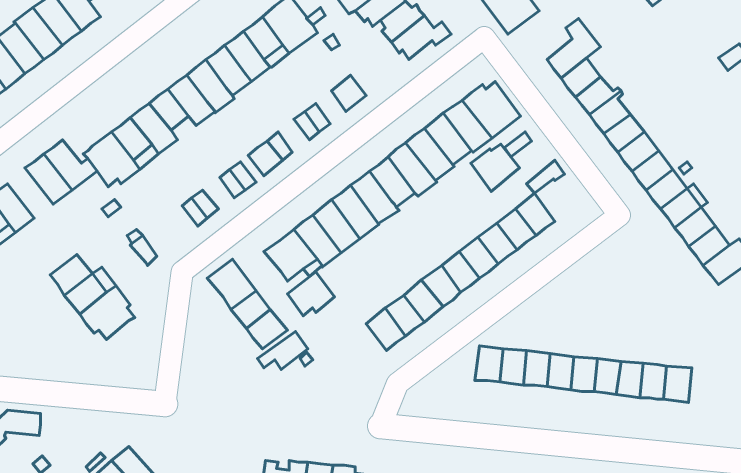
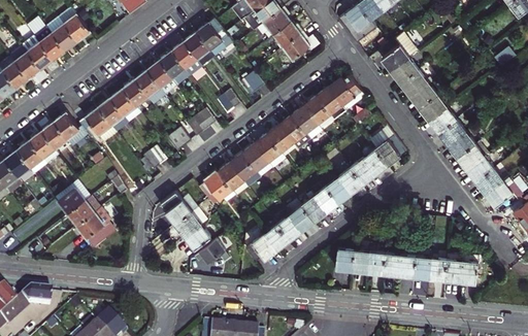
building: [471,144,520,191] -> [374,135,406,166]
building: none -> [29,131,59,164]
building: [287,272,335,316] -> [245,233,276,262]

